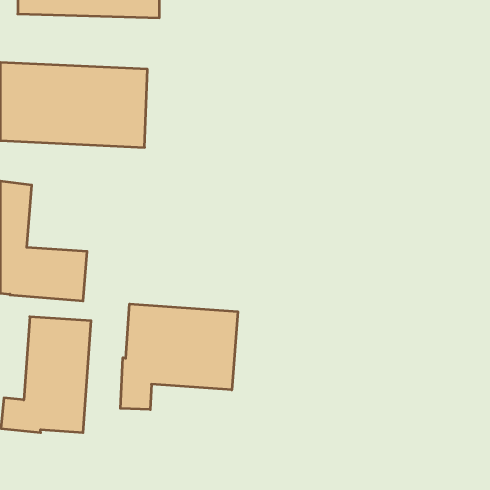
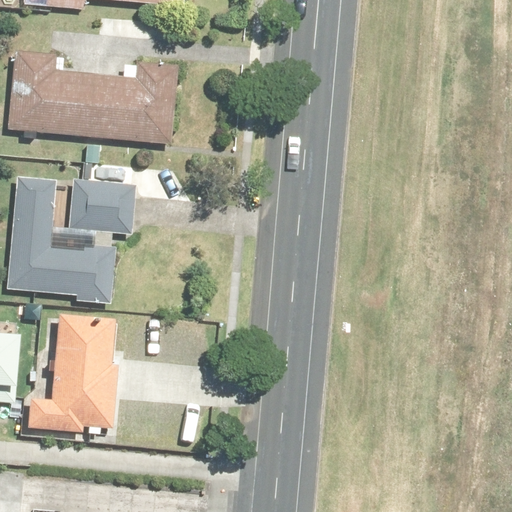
building: none -> [53,187,120,239]
building: [120,304,238,410] -> none

